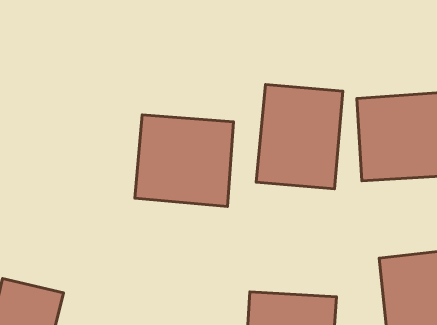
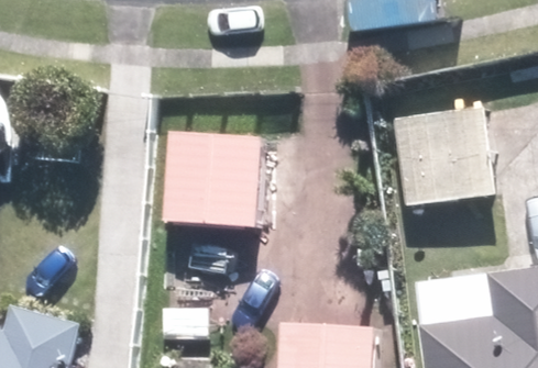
building: [256,84,343,189] -> none

